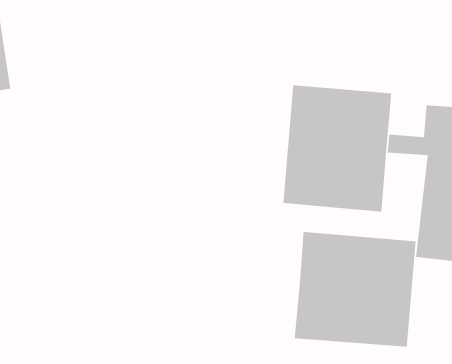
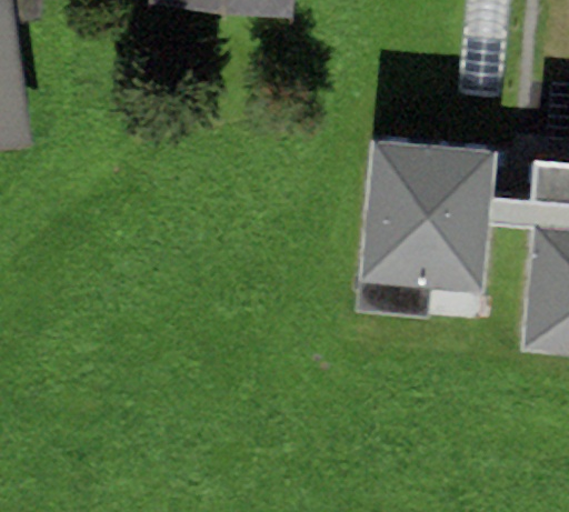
building: [294,231,416,348] -> none

